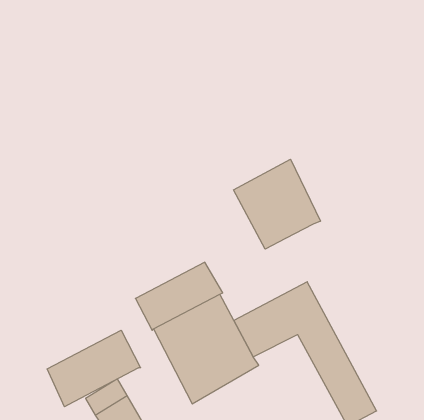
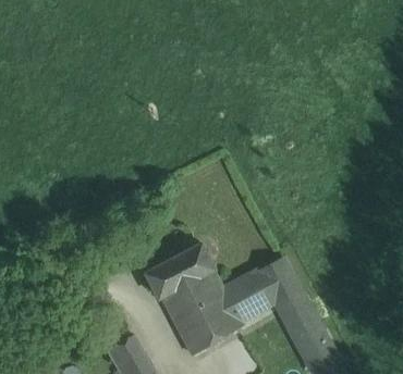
building: [234,159,320,249] -> none
building: [47,330,141,407] -> none

